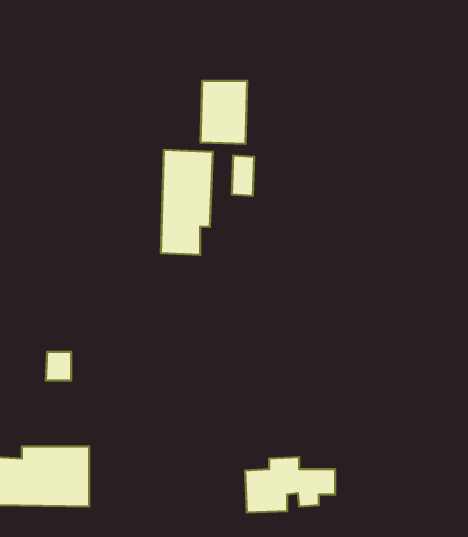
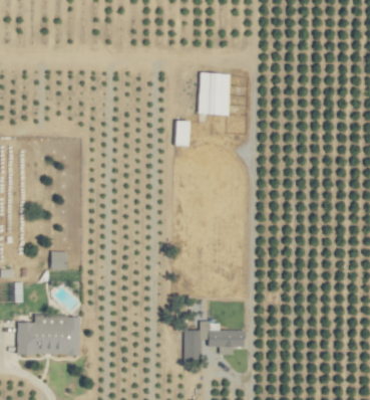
building: [201,81,247,144] -> [199,72,230,115]
building: [161,150,213,255] -> none

